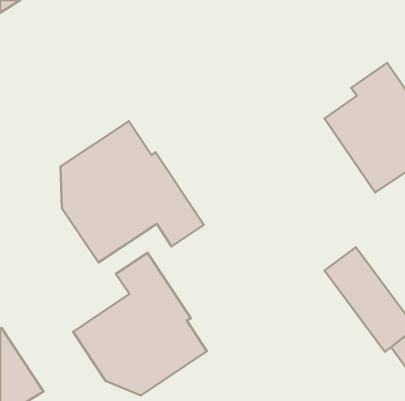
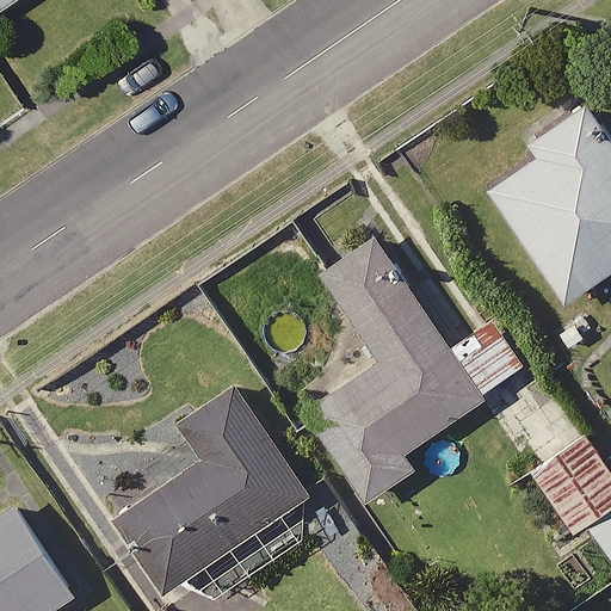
building: [60,121,204,262] -> none
building: none -> [302,236,525,504]

